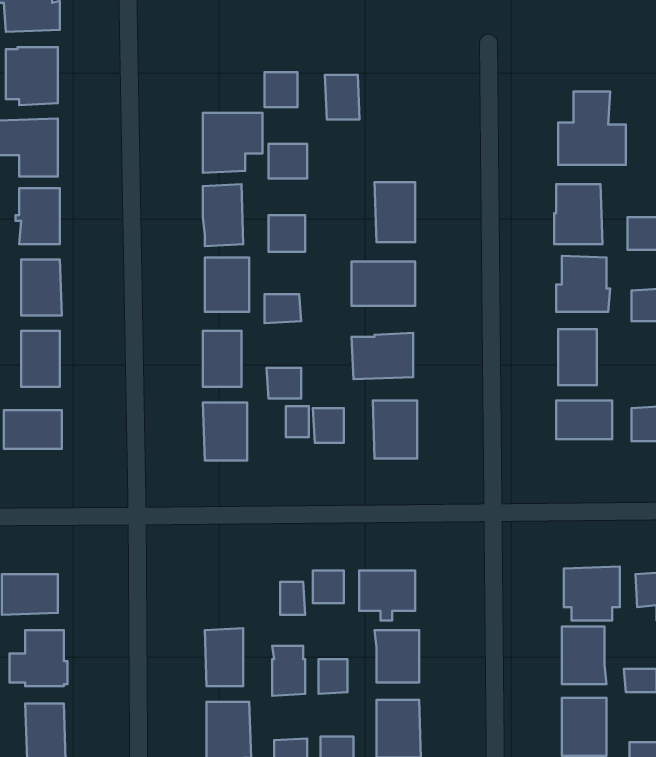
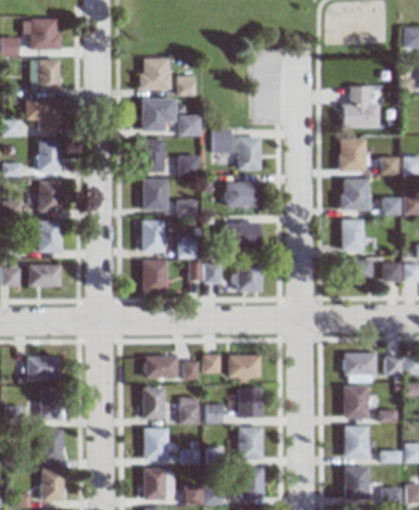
building: none -> [140,58,170,89]
building: [325,75,360,119] -> [214,128,233,153]
building: none -> [147,356,178,379]

